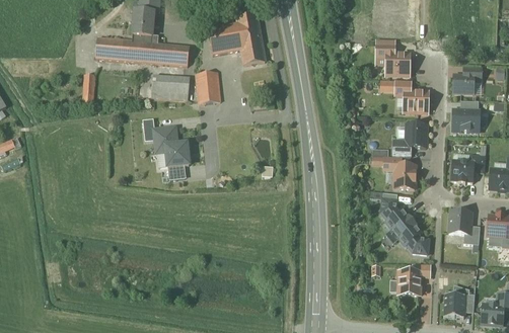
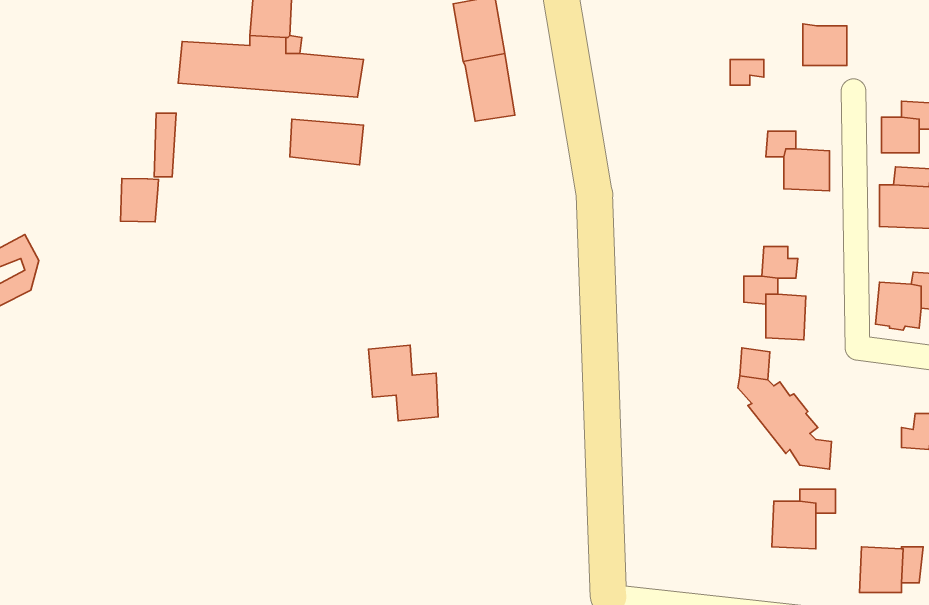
building: [208,23,241,54] -> none
building: [386,54,409,75] -> [803,24,847,66]
building: [196,71,220,102] -> none
building: none -> [121,179,158,222]
building: [406,124,426,147] -> none
building: [153,127,189,165] -> [368,345,438,421]
building: [448,211,471,234] -> none

